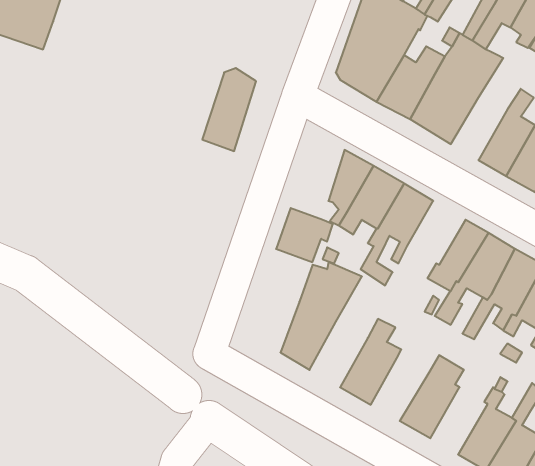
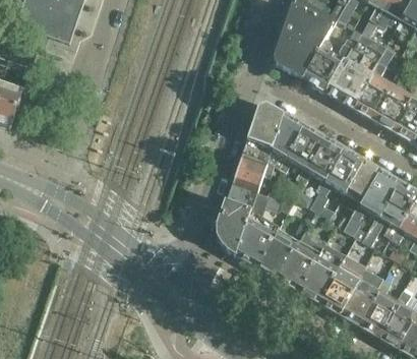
building: none -> [354,49,398,120]
building: [202,68,256,151] -> [242,104,280,162]
building: none -> [308,148,364,219]
building: none -> [218,182,257,254]
building: none -> [255,222,306,279]
building: none -> [298,244,346,302]
building: none -> [340,267,379,325]

